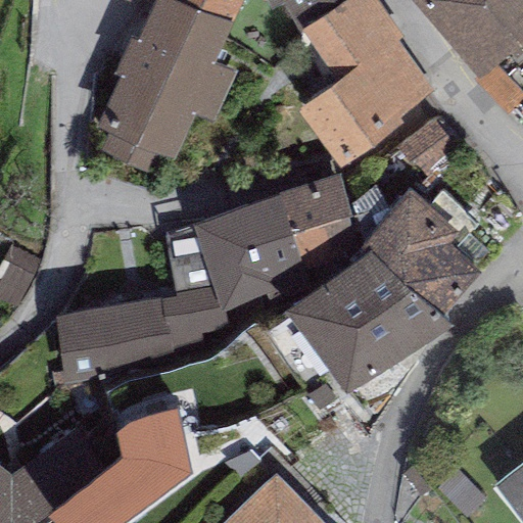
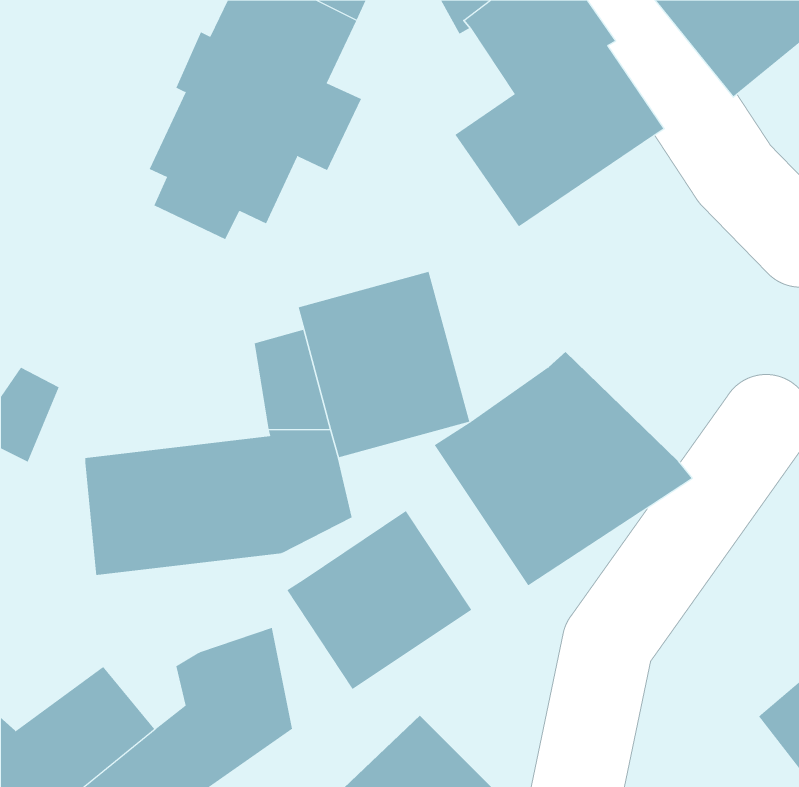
building: [281,172,359,284] -> none
building: [366,185,479,310] -> none
building: none -> [287,510,472,690]

